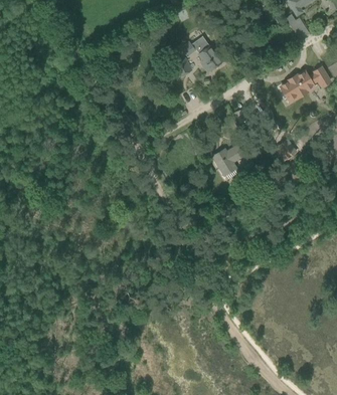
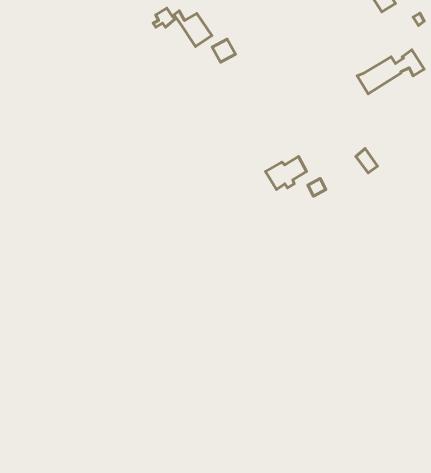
building: [179,42,222,70] -> [153,8,212,46]

